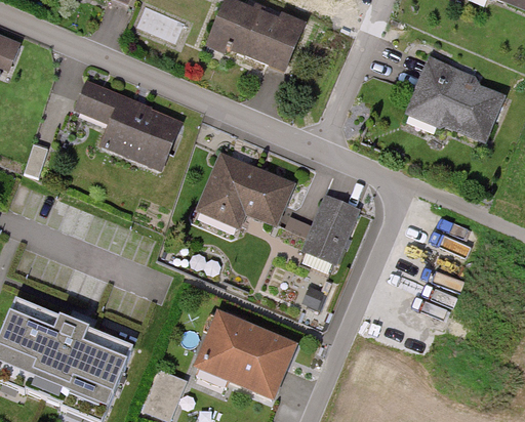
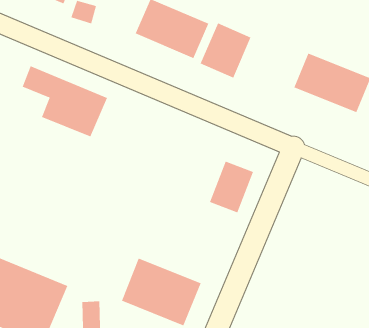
building: none -> [200,23,251,78]
building: [198,155,291,227] -> none

